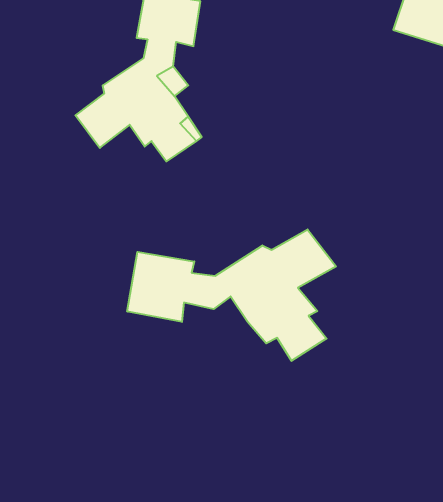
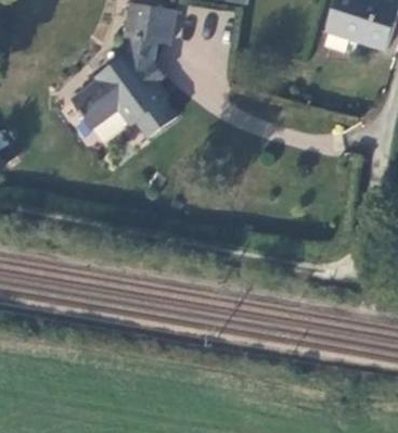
building: [127,229,336,361] -> none

